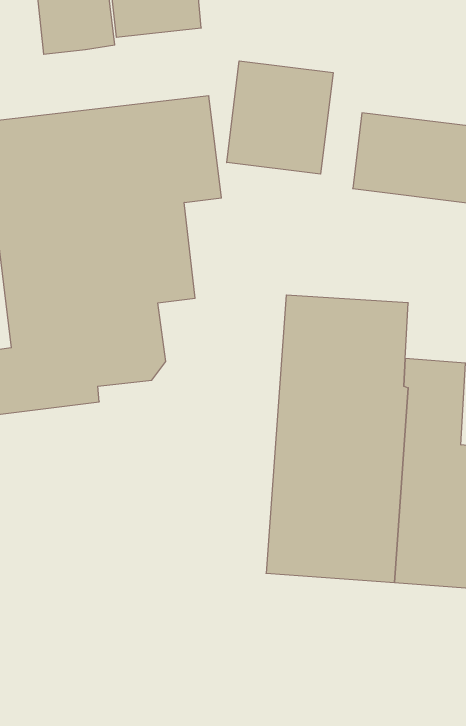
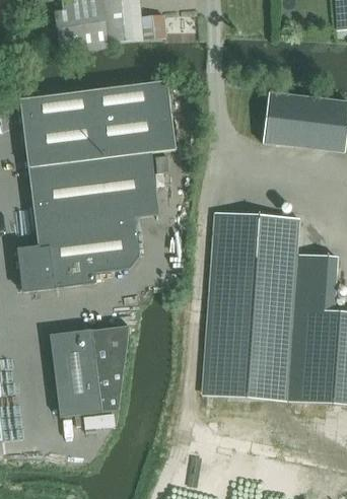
building: [227,61,333,174] -> none
building: none -> [49,324,129,416]

